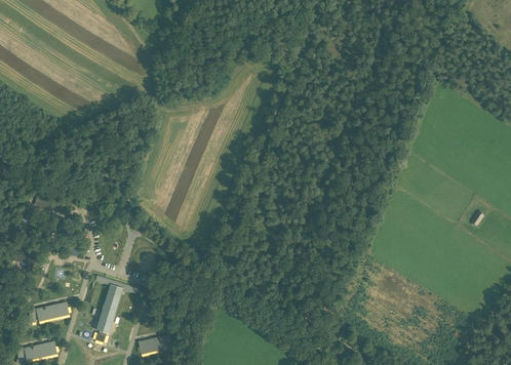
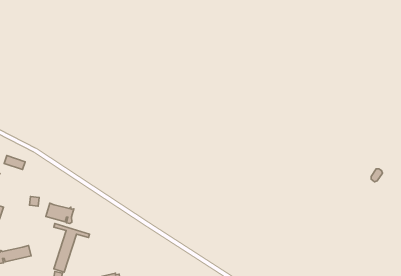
building: none -> [46,203,74,223]

